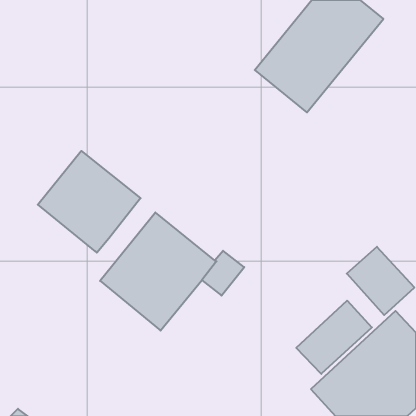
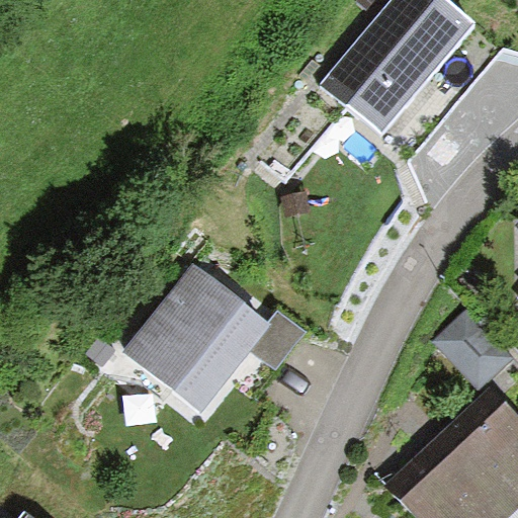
building: [38,151,141,253] -> none
building: [296,301,372,374] -> none

